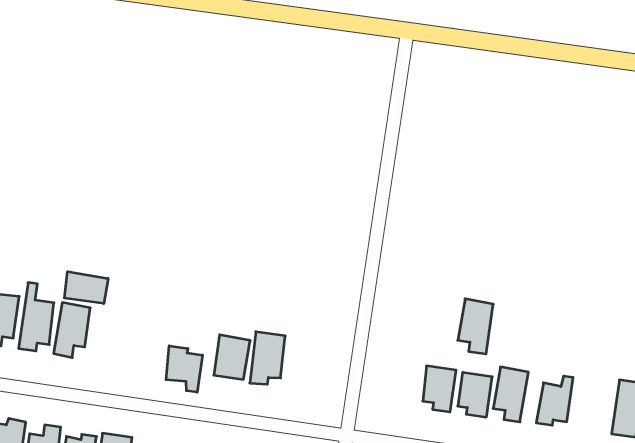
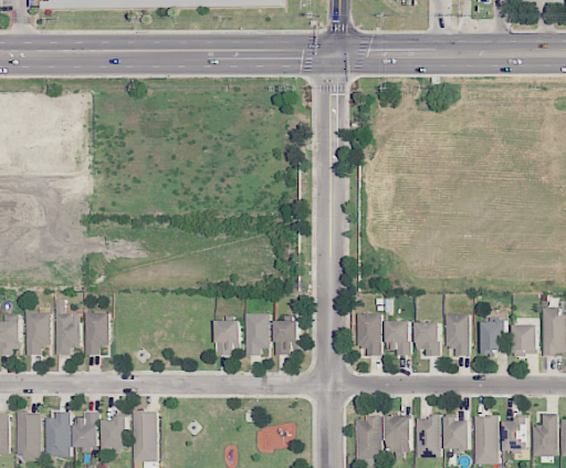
building: [64,272,108,304] -> none
building: [458,299,493,354] -> [356,312,380,354]
building: [166,346,202,392] -> none
building: none -> [274,320,298,354]
building: none -> [513,323,537,352]

